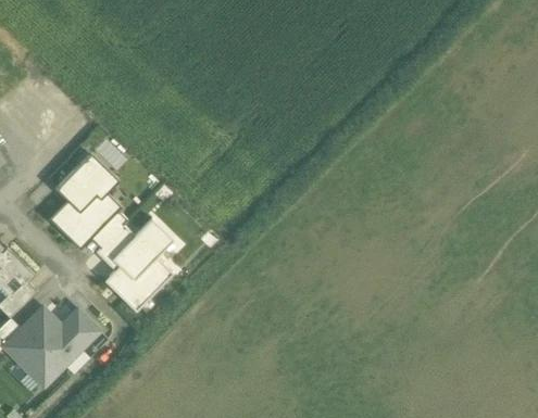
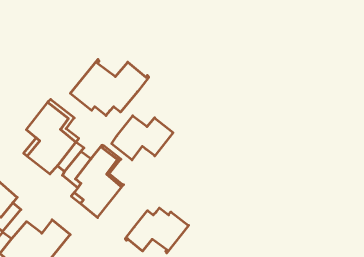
building: none -> [70,59,149,116]
building: none -> [112,116,173,160]
building: none -> [125,208,189,253]

